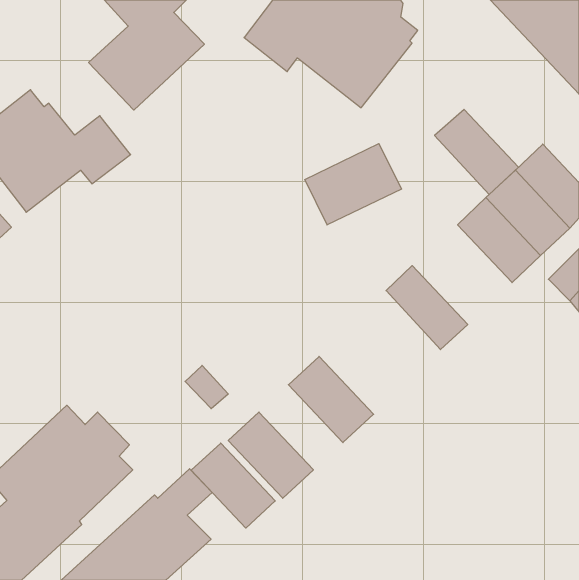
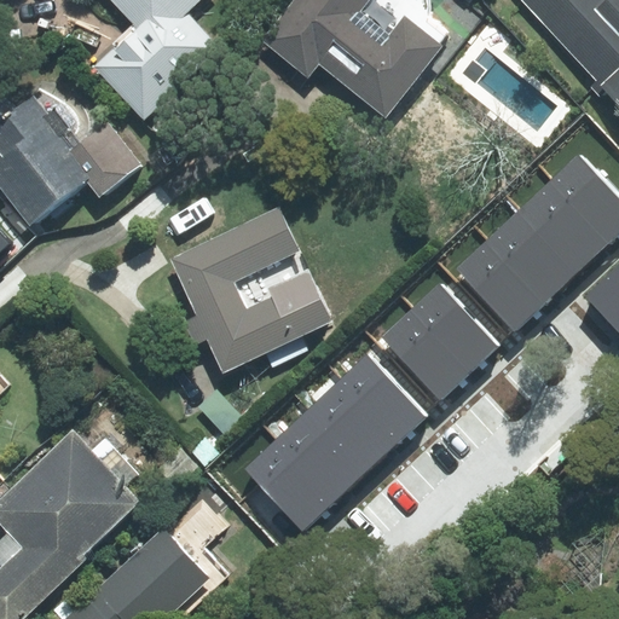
building: [435,109,519,195] -> [456,239,545,330]
building: [305,144,401,225] -> none
building: none -> [169,208,330,374]
building: none -> [381,310,469,400]
building: none -> [340,353,426,441]
building: [191,443,275,528] -> [276,410,365,501]

